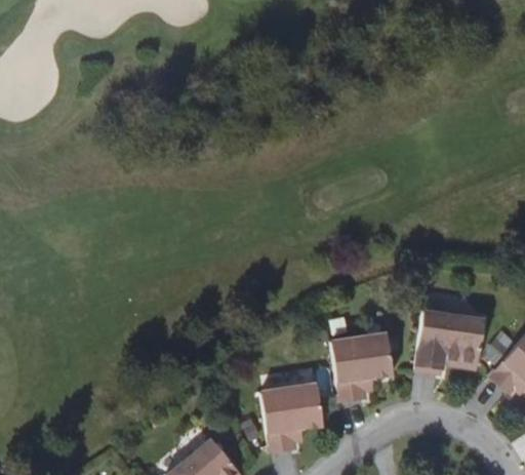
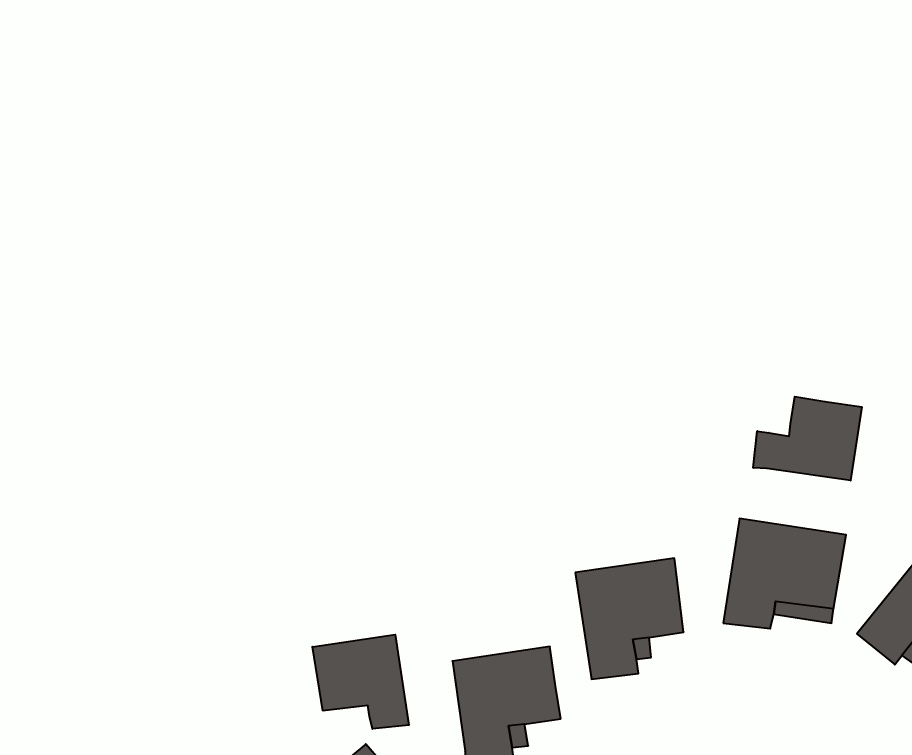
building: none -> [753,397,862,481]
building: none -> [312,635,409,729]

